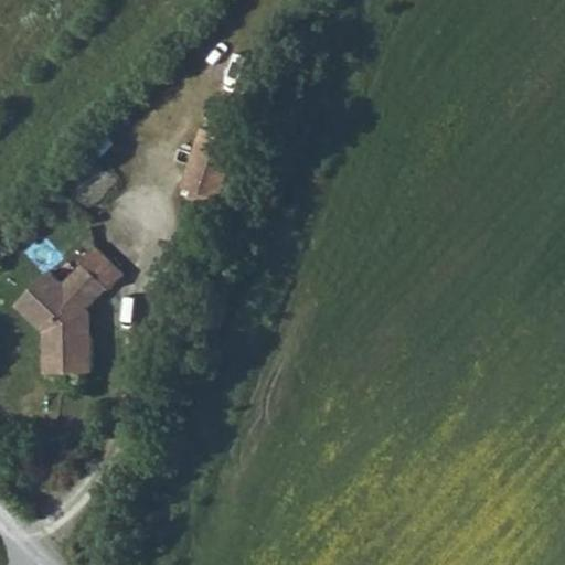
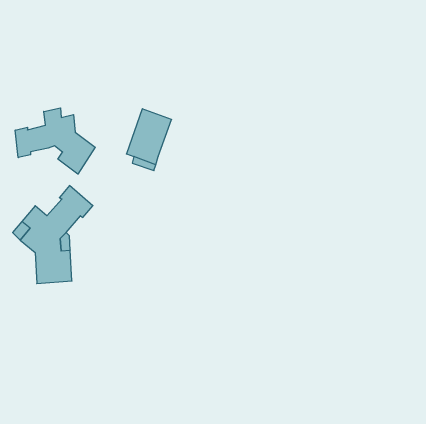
building: none -> [15,108,95,174]

